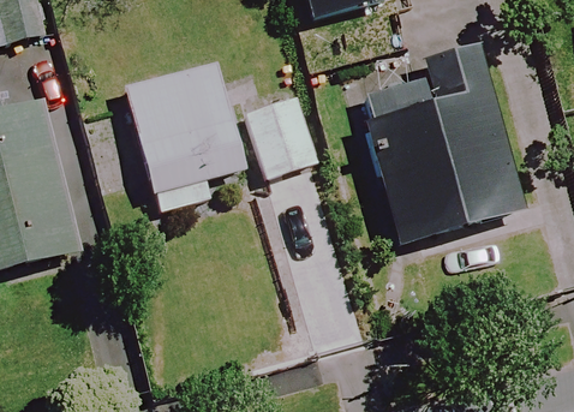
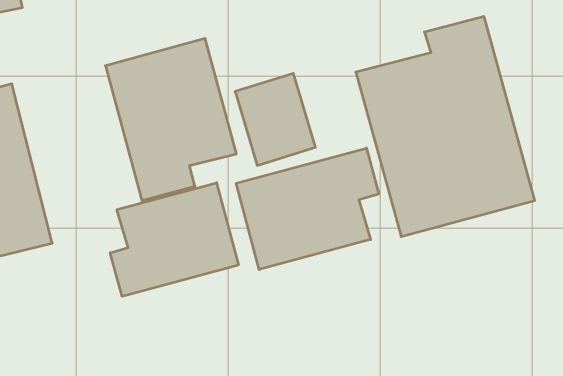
building: none -> [236,148,379,270]
building: none -> [110,183,238,296]

